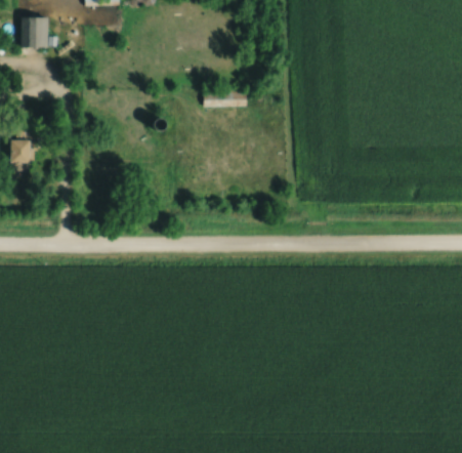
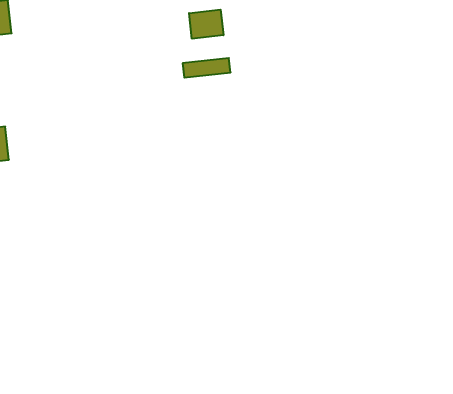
building: none -> [189,10,223,39]

